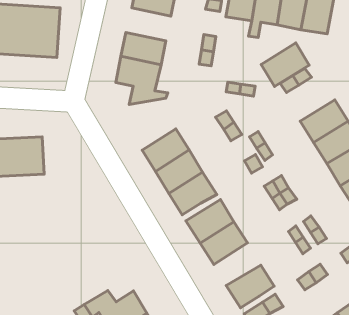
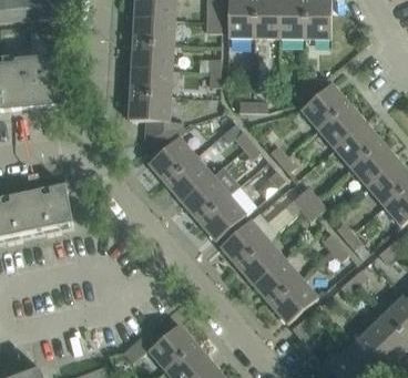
building: none -> [131,43,173,71]
building: [261,43,309,87] -> [300,83,348,130]
building: none -> [145,127,195,183]
building: none -> [254,258,300,304]

